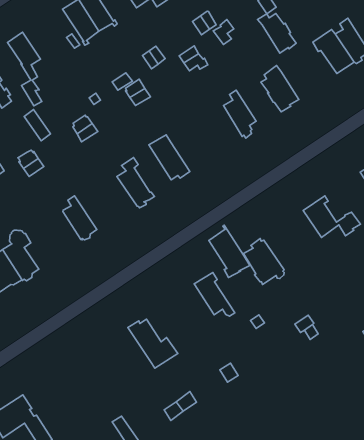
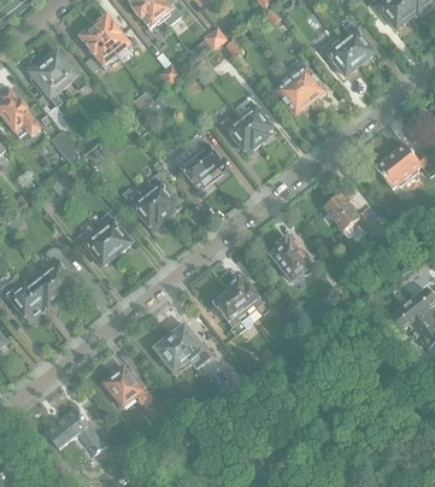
building: [257,13,296,53] -> [287,65,325,102]
building: none -> [43,52,84,89]
building: none -> [222,115,260,157]
building: none -> [193,137,225,180]
building: none -> [122,188,166,233]
building: none -> [78,228,116,264]
building: [209,225,250,278] -> [213,286,254,335]
building: none -> [154,333,192,371]
building: none -> [102,369,139,406]

